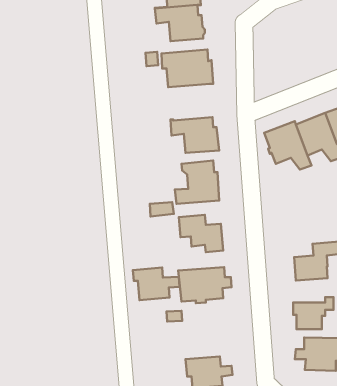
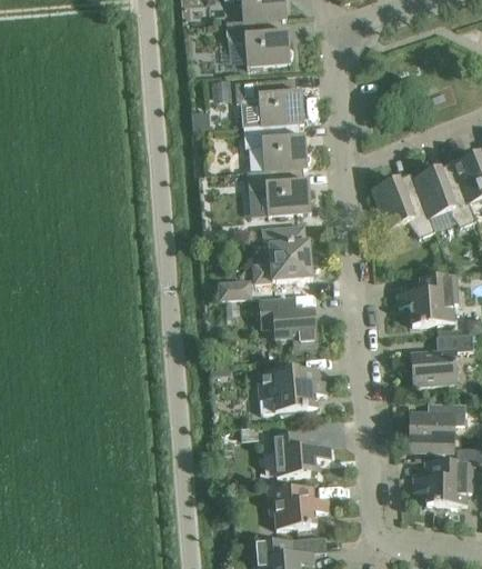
building: none -> [243,122,310,171]
building: none -> [396,273,458,325]
building: [133,268,180,300] -> [268,432,330,476]

